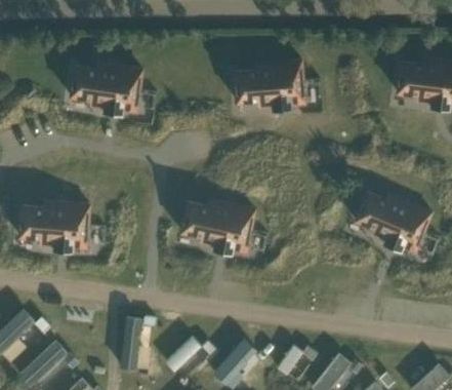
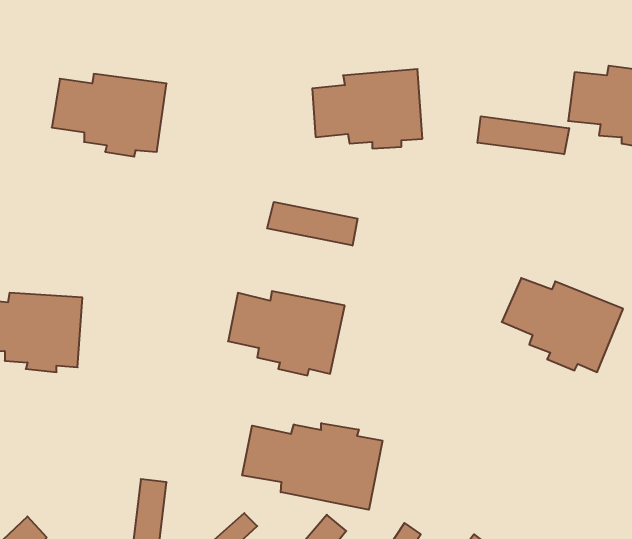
building: none -> [478,116,569,154]
building: none -> [267,202,358,246]
building: none -> [242,423,382,510]

